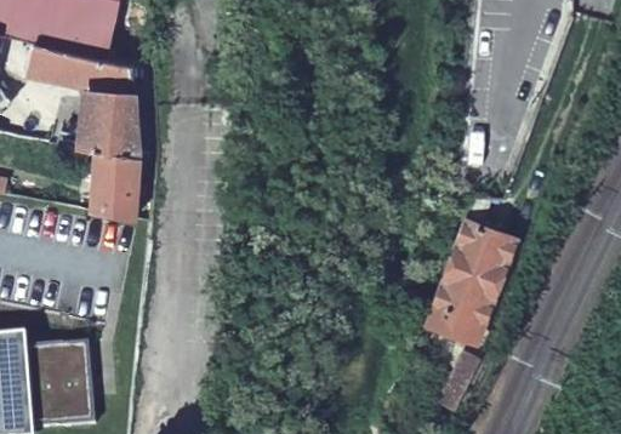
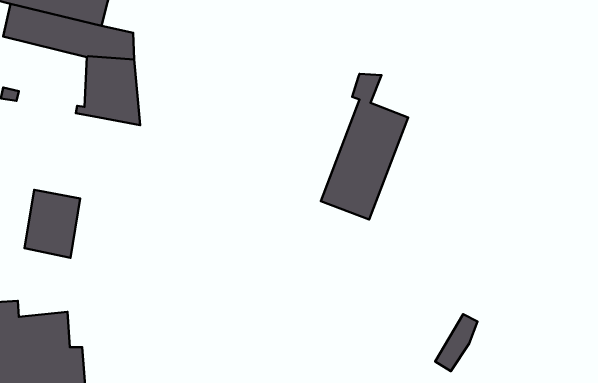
building: [86,152,142,219] -> [24,190,80,258]
building: [427,194,514,339] -> [321,74,408,219]

